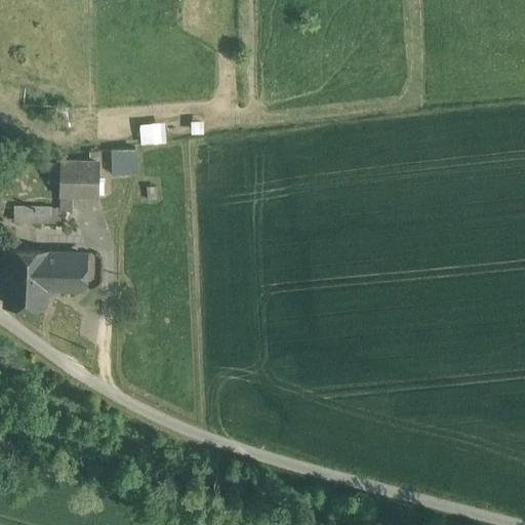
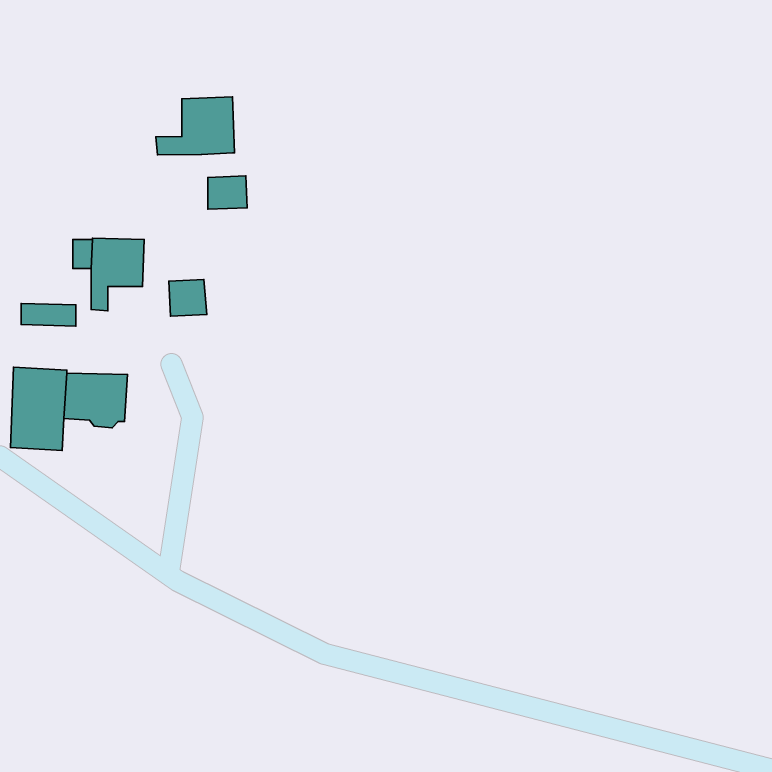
building: none -> [156,97,234,155]
building: [114,150,139,174] -> [169,280,207,316]

